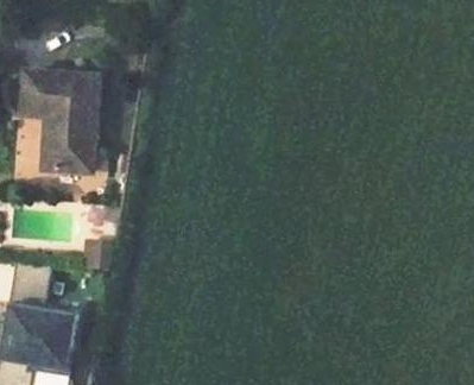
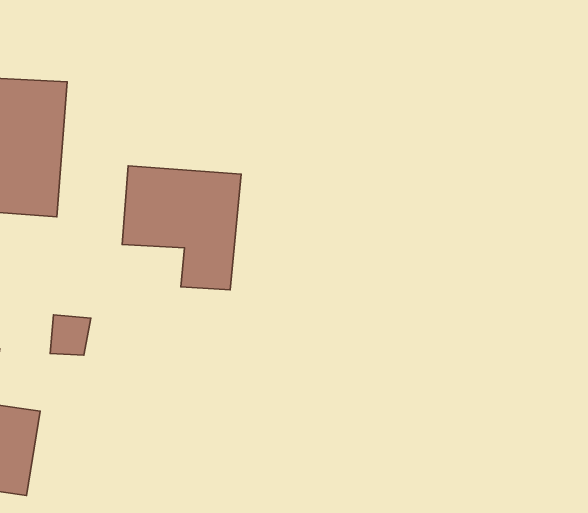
building: none -> [122,166,241,290]

